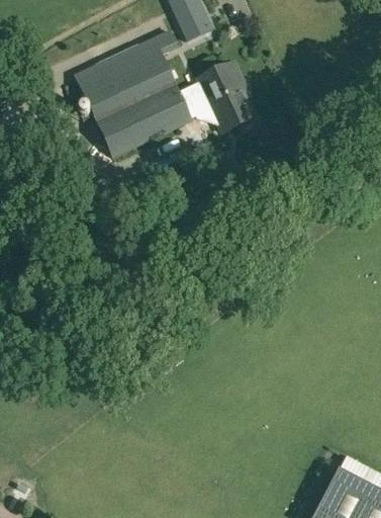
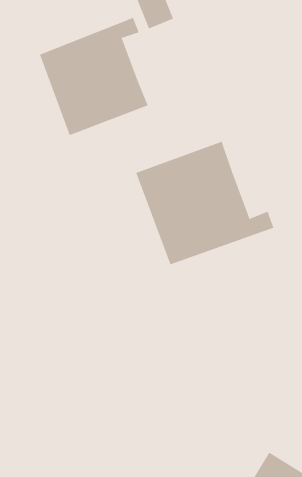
building: [179,61,256,132] -> none
building: none -> [135,141,274,265]

